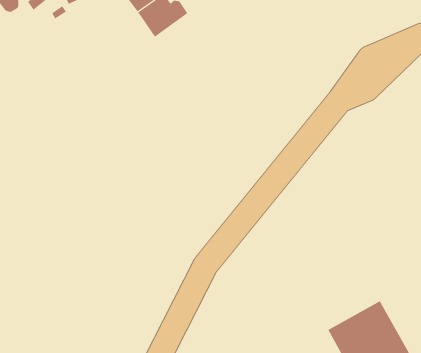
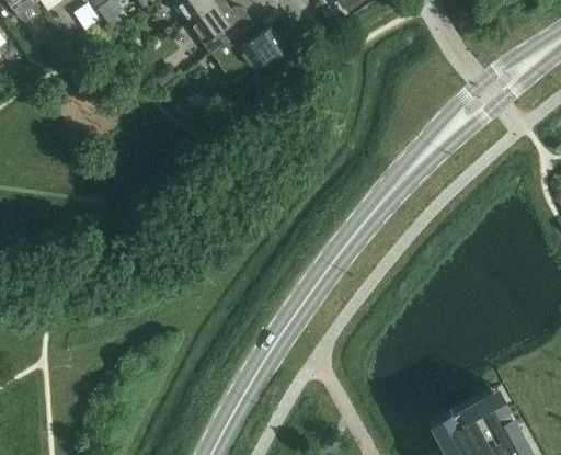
building: none -> [210,23,295,84]

